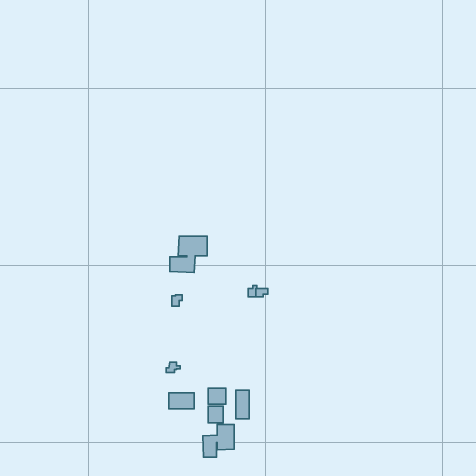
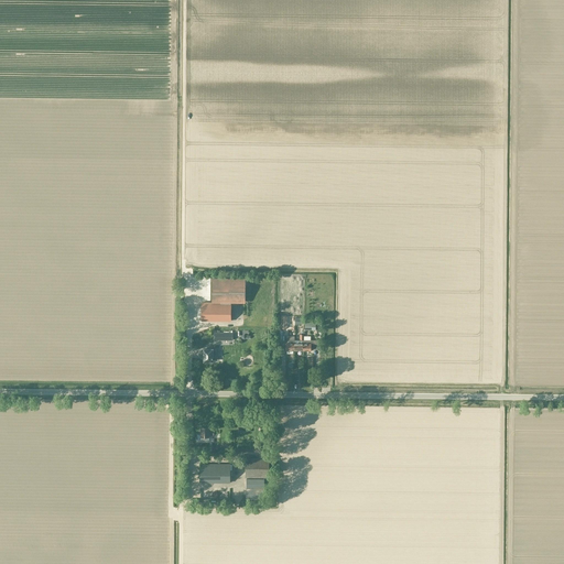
building: [236,390,249,419] -> none
building: [203,425,234,457] -> none

